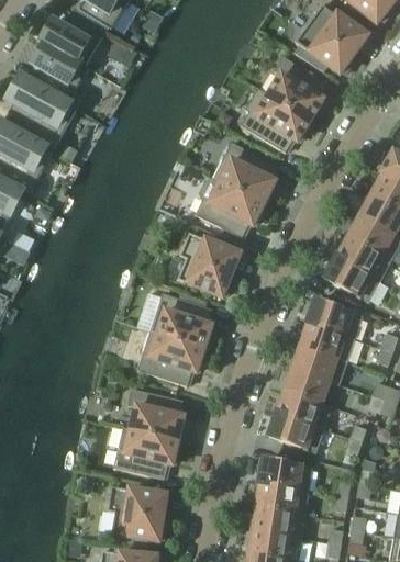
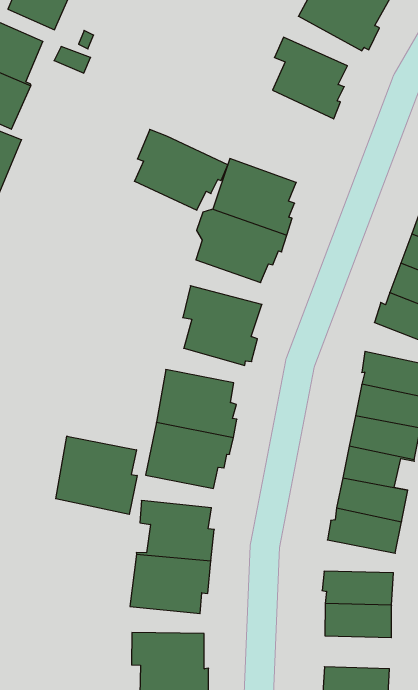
building: [241,87,312,151] -> [134,129,228,210]
building: none -> [56,436,137,514]
building: [253,506,305,537] -> none

